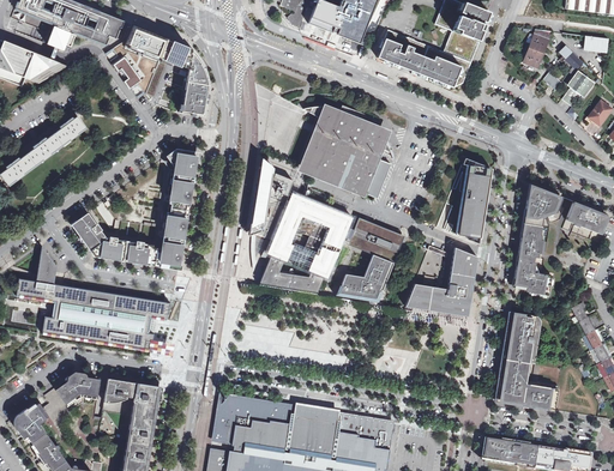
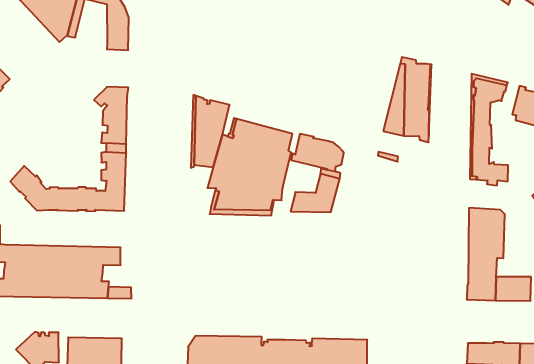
building: [303,107,393,199] -> none
building: [407,247,478,315] -> none

